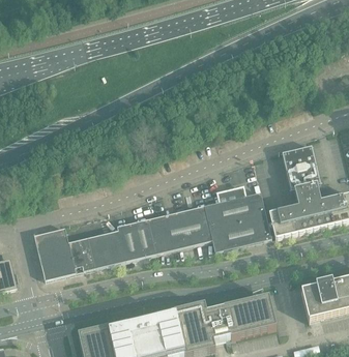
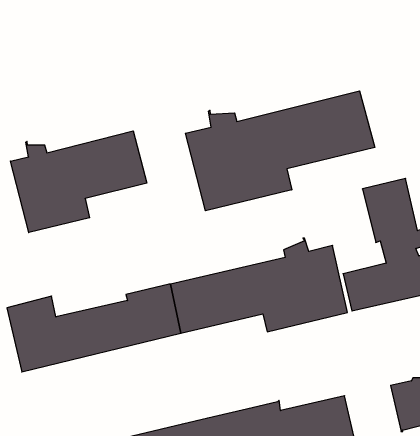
building: none -> [185,91,375,211]
building: none -> [10,131,147,233]

